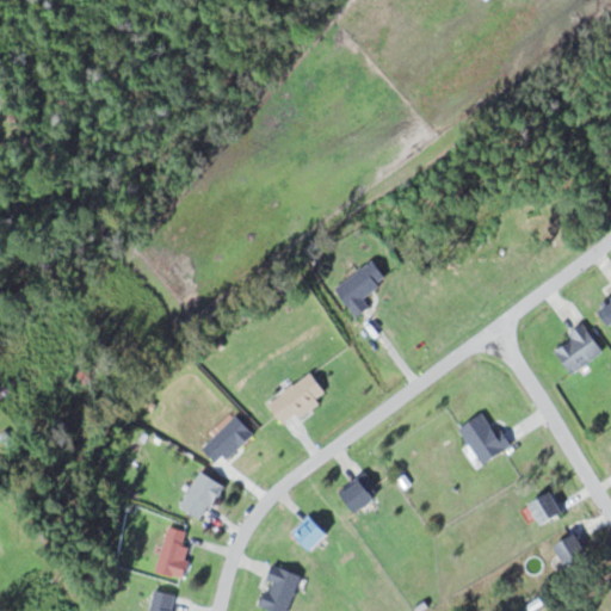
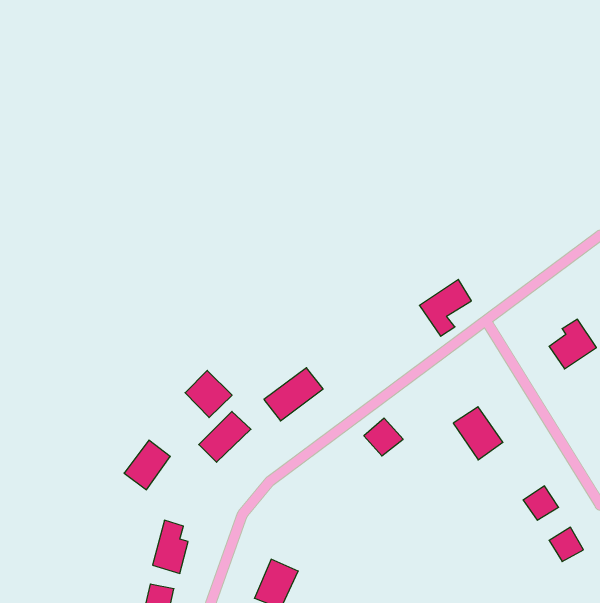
building: [333,260,385,317] -> [419,279,471,336]
building: none -> [185,370,232,418]
building: [177,471,223,521] -> [124,440,170,490]
building: [338,475,377,513] -> [364,418,403,456]
building: [291,516,328,551] -> none

